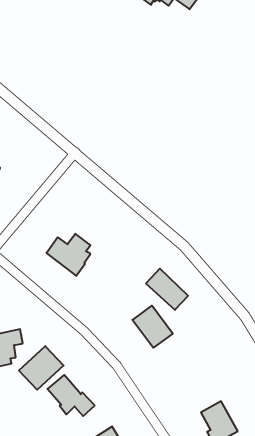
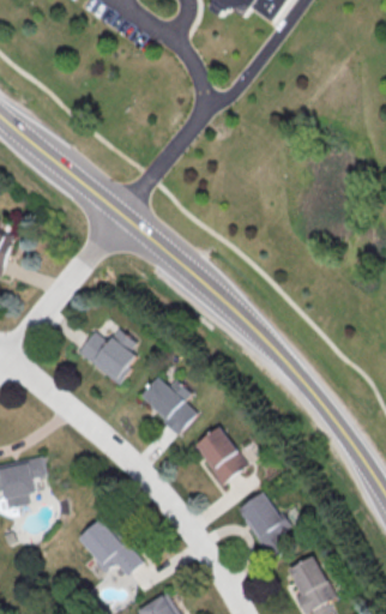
building: [146,269,188,310] -> [141,375,199,432]
building: [19,346,64,390] -> none
building: none -> [242,494,291,562]

